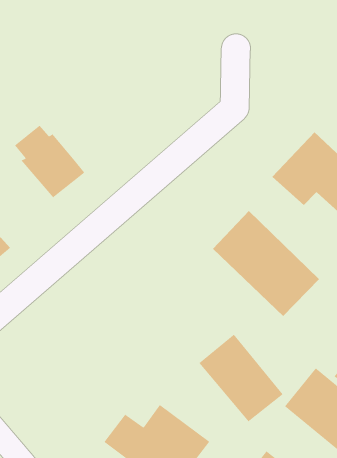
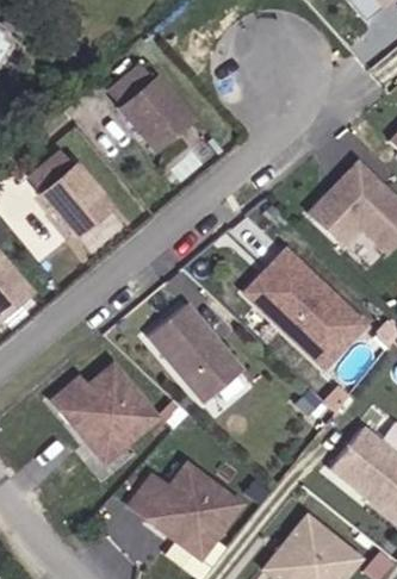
building: none -> [106,66,186,149]
building: none -> [51,365,160,462]
building: [199,334,284,422] -> [148,300,242,398]

